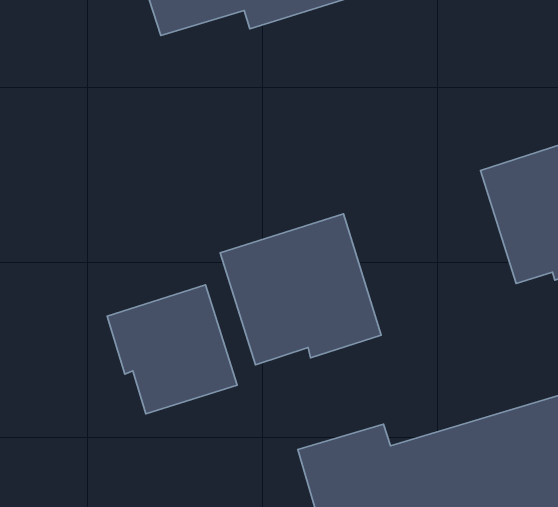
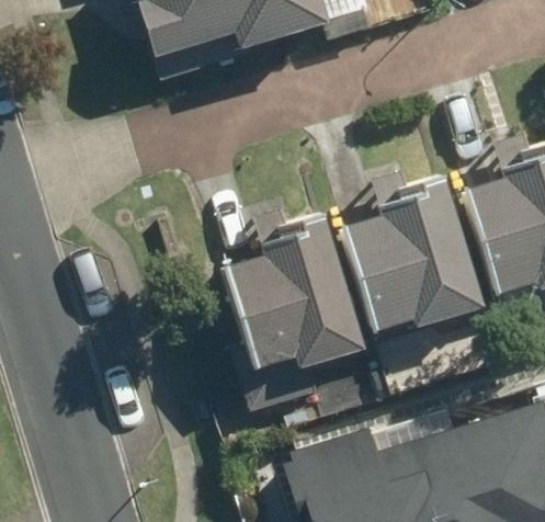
building: none -> [342,186,491,329]
building: [107,285,237,414] -> none

